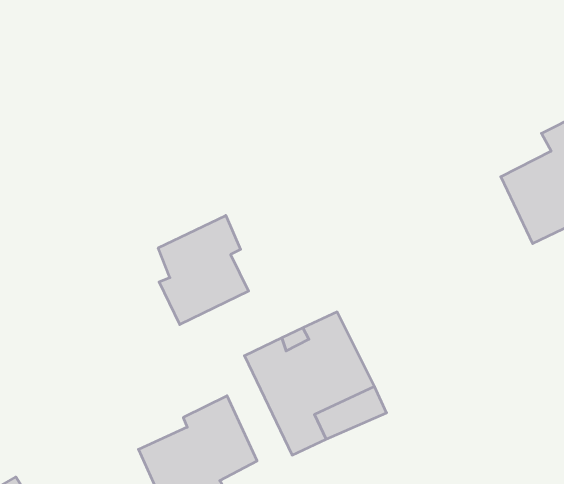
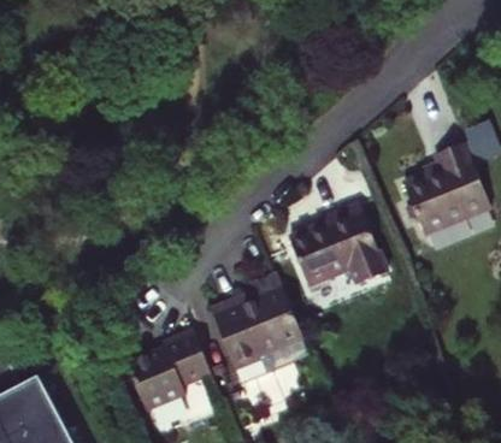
building: none -> [288,202,384,284]
building: [158,215,249,325] -> none

